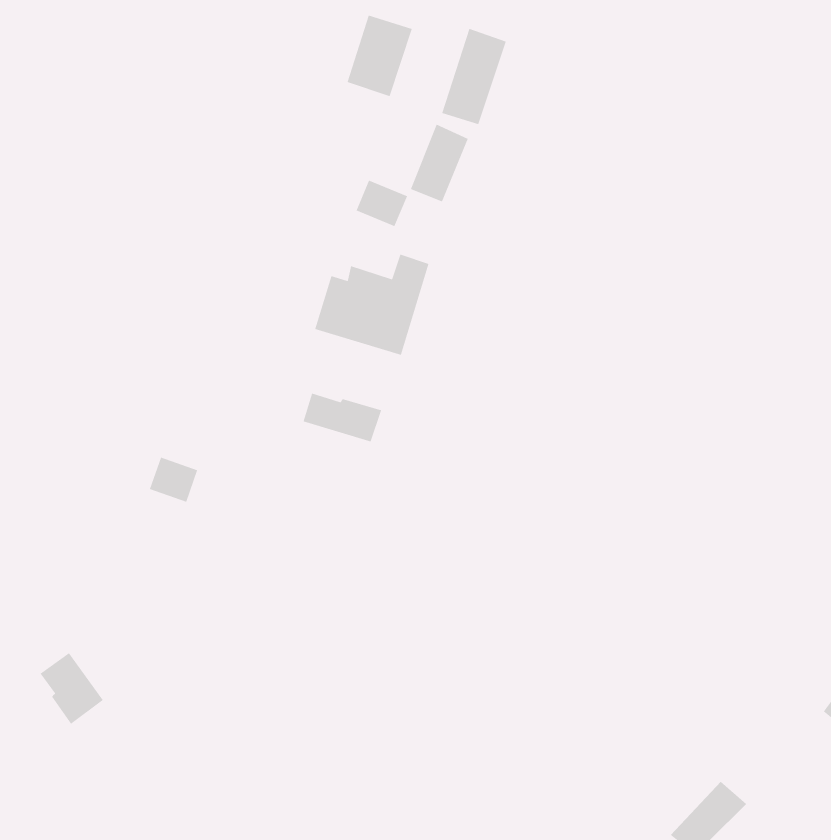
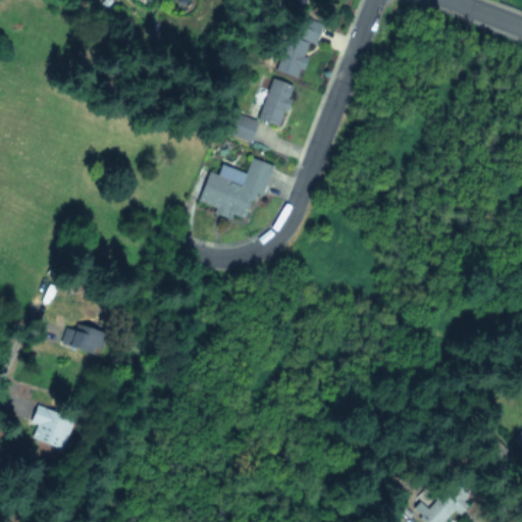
building: [347,15,413,97] -> none
building: [303,392,382,443] -> none
building: [149,457,198,503] -> [72,326,103,355]

